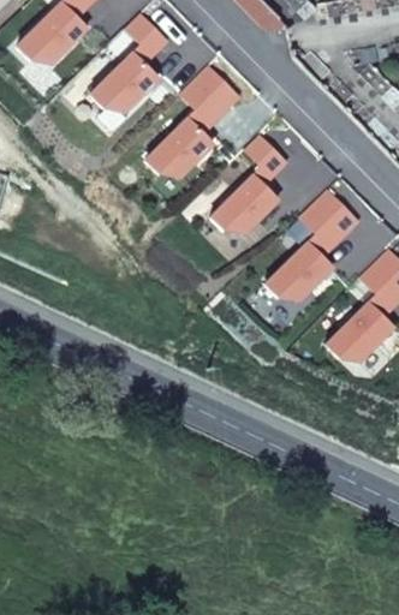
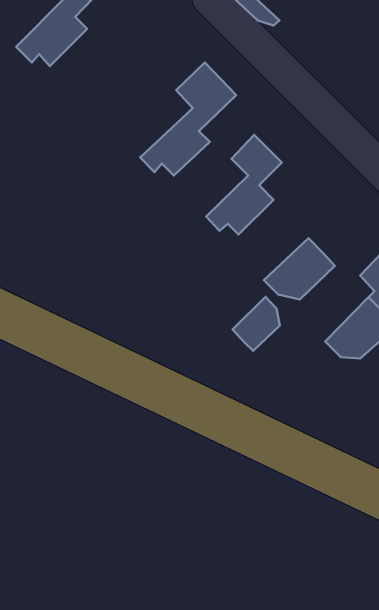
building: [88,14,165,113] -> none
building: [300,187,363,255] -> none
building: none -> [232,297,280,351]

